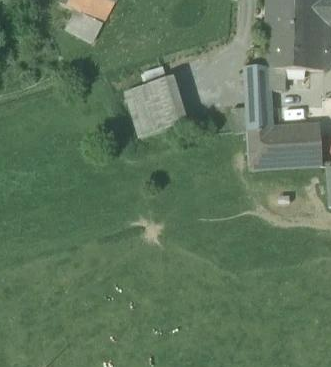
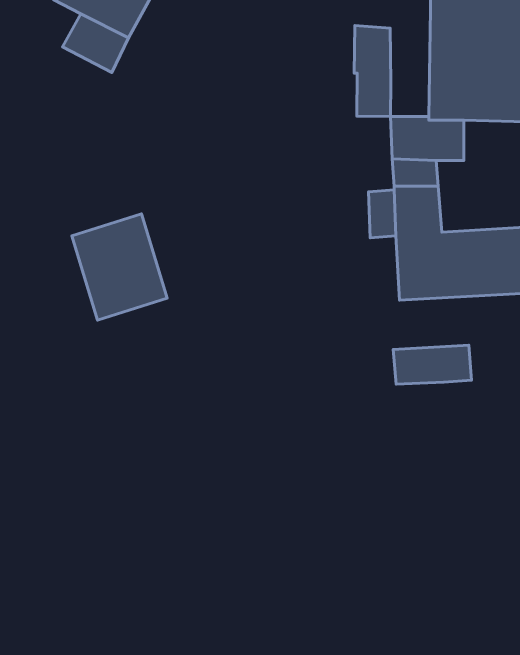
building: none -> [354,26,391,117]
building: [128,78,180,136] -> [72,214,167,320]
building: none -> [393,345,472,384]

